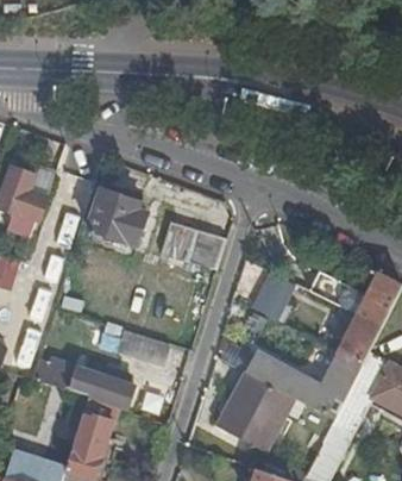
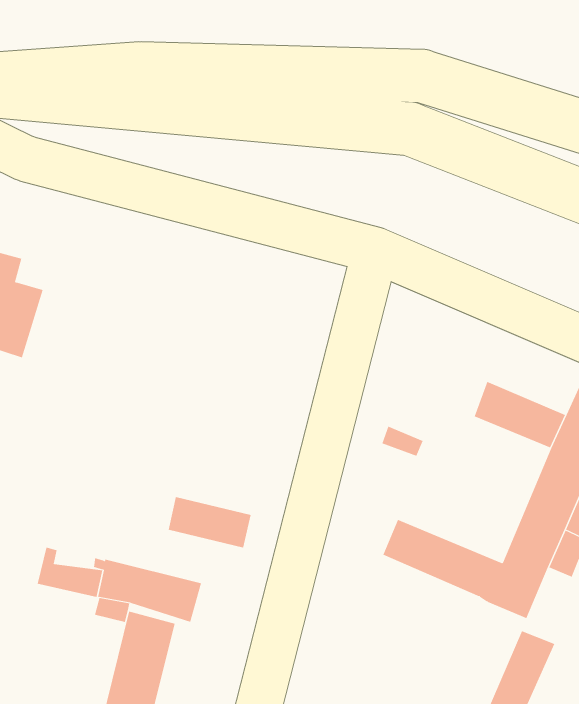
building: [87,189,146,244] -> none
building: [158,219,225,269] -> none
building: [215,370,306,450] -> none

